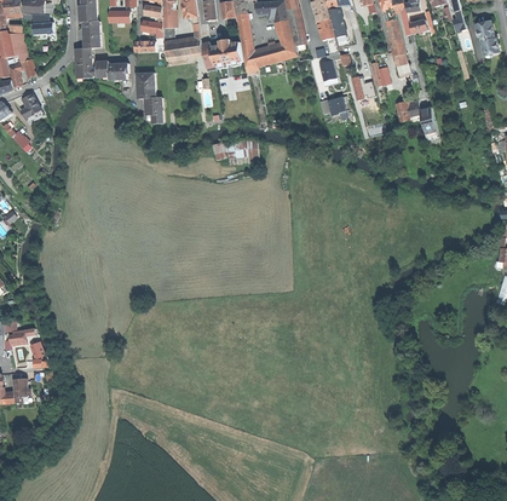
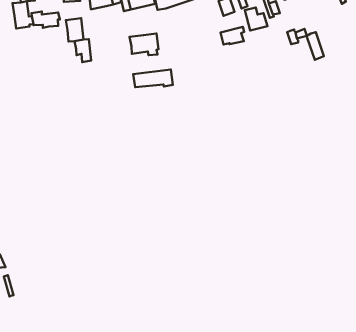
building: none -> [130,34,159,55]

